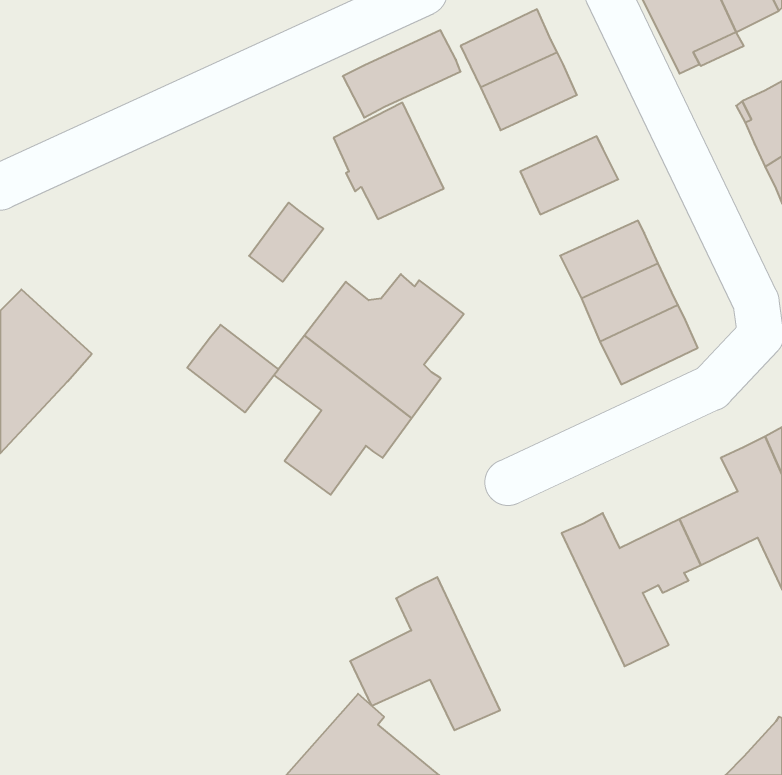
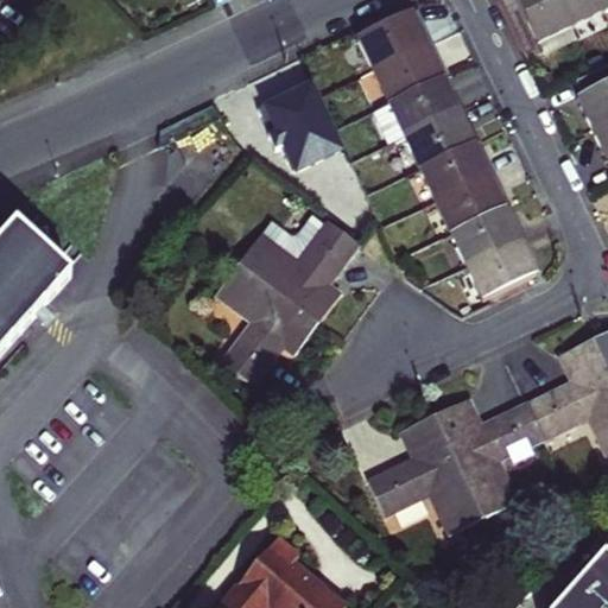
building: [343,30,461,118] -> [372,74,463,141]
building: none -> [419,139,495,198]
building: [249,203,323,282] -> none
building: [187,325,278,412] -> none
building: [350,577,500,730] -> [368,413,484,532]

